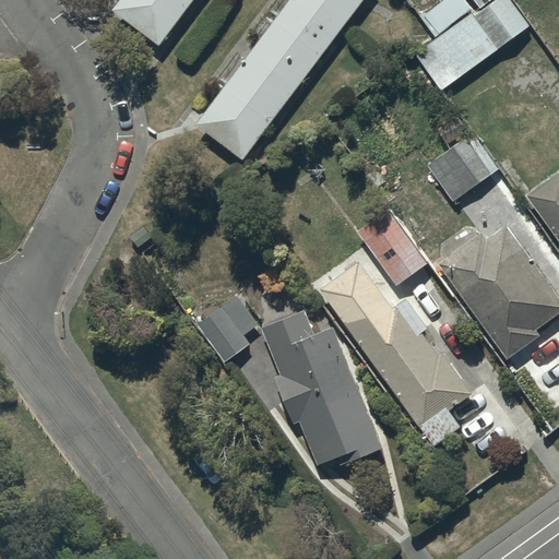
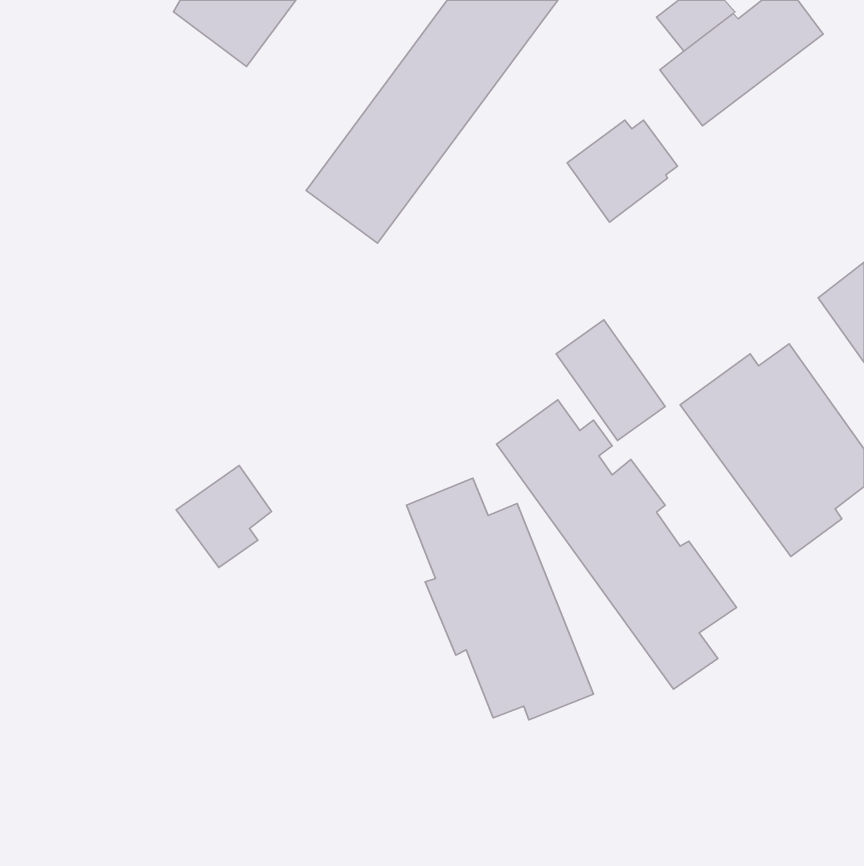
building: [425,136,496,202] -> [567,120,678,222]
building: [197,295,258,360] -> [176,465,271,568]

